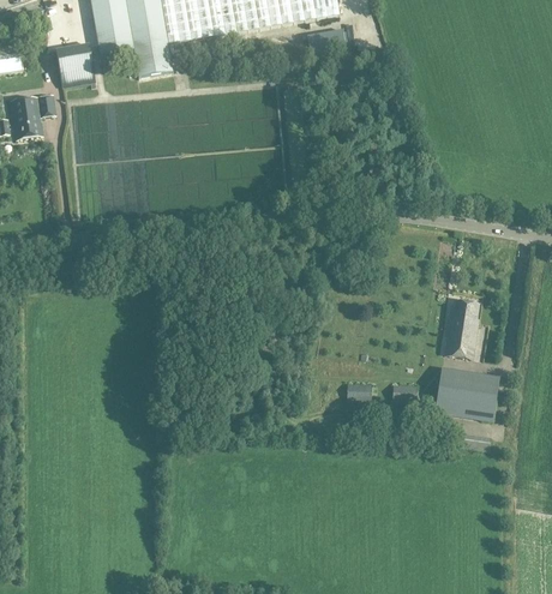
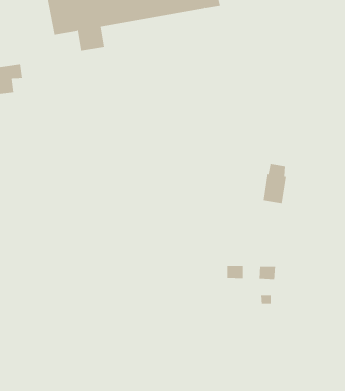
building: [55,42,96,85] -> none
building: [444,300,479,358] -> [262,164,287,204]
building: [434,367,500,421] -> none

